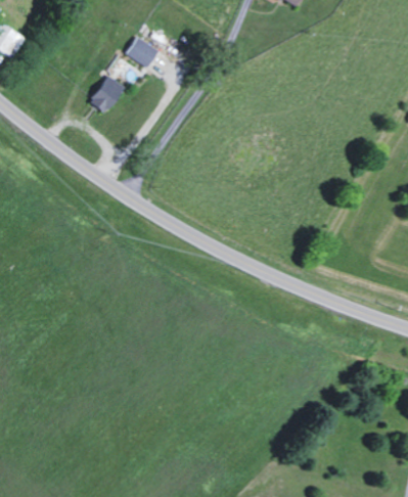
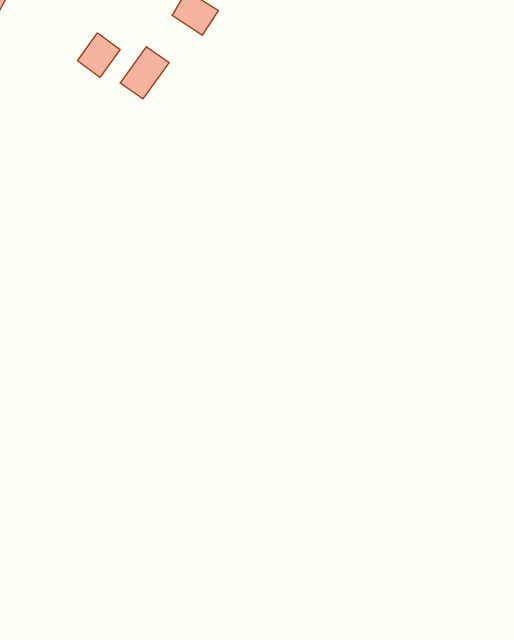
building: none -> [77,33,120,78]

